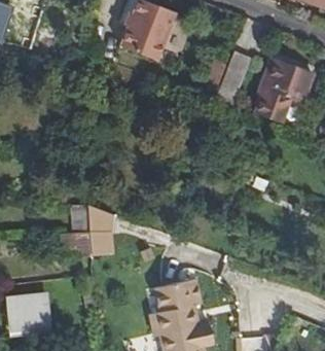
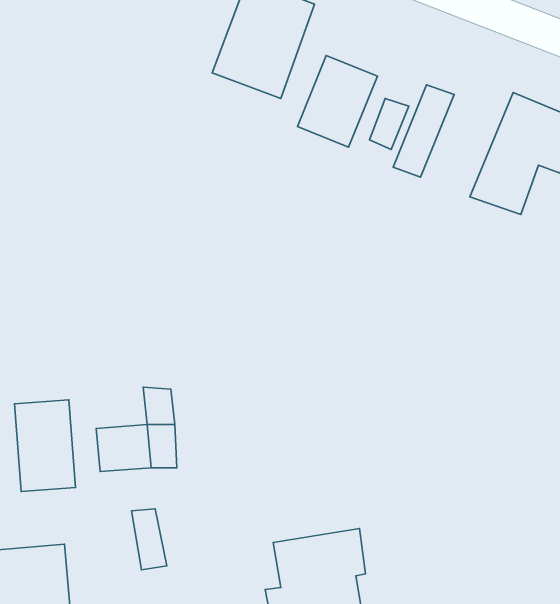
building: none -> [297,55,377,147]
building: none -> [14,400,75,491]

